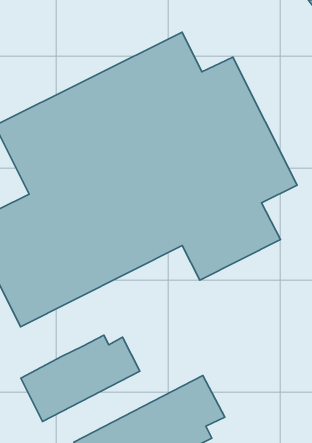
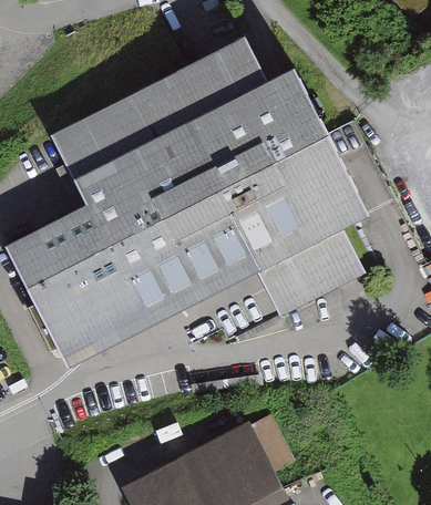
building: [21,335,140,421] -> none

